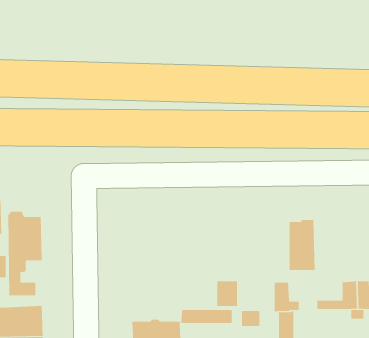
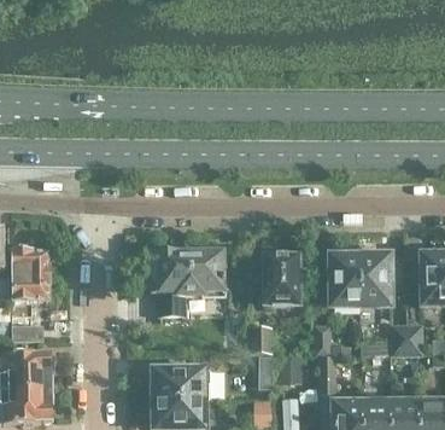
building: none -> [153,246,228,314]
building: none -> [359,251,390,309]
building: none -> [264,255,298,306]

